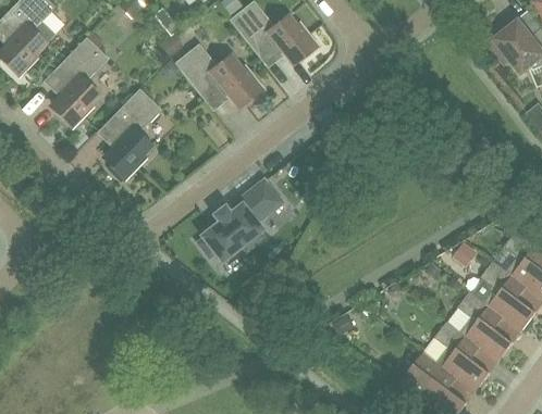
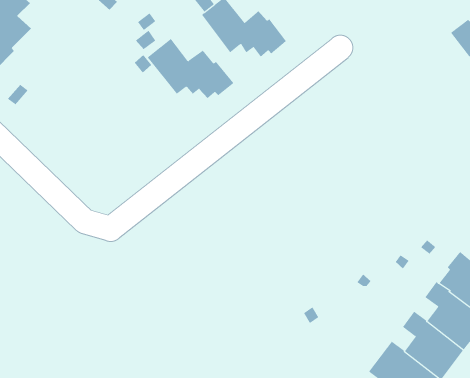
building: [52,37,109,129] -> none
building: [106,89,161,180] -> none
building: [200,181,280,260] -> none

